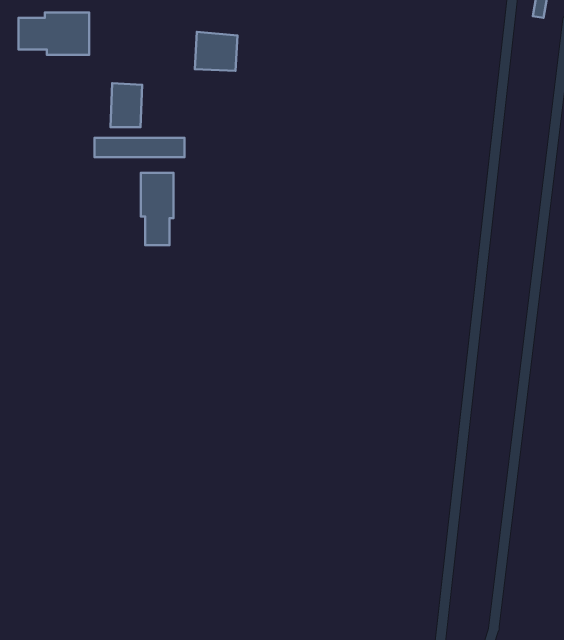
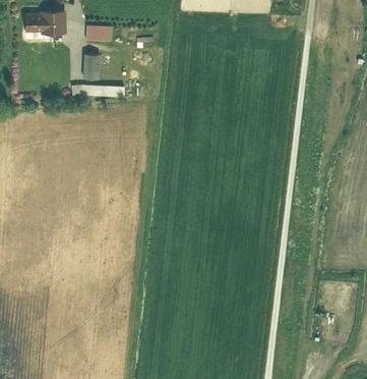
building: [195,32,237,71] -> [87,19,112,42]
building: [141,173,173,245] -> none

